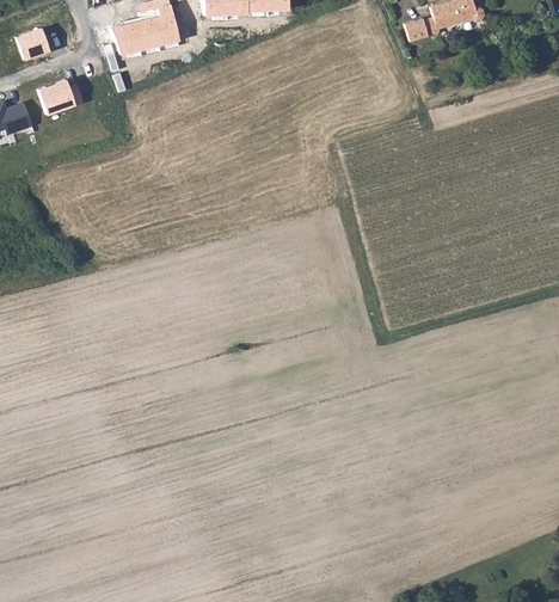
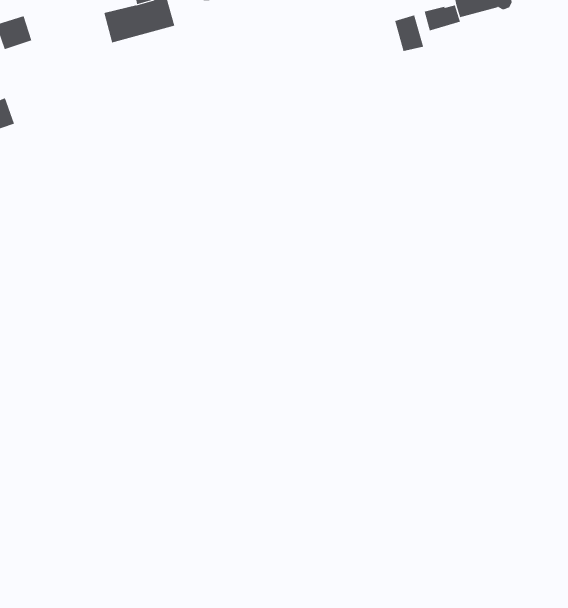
building: none -> [394,15,424,52]
building: [38,79,80,113] -> none

